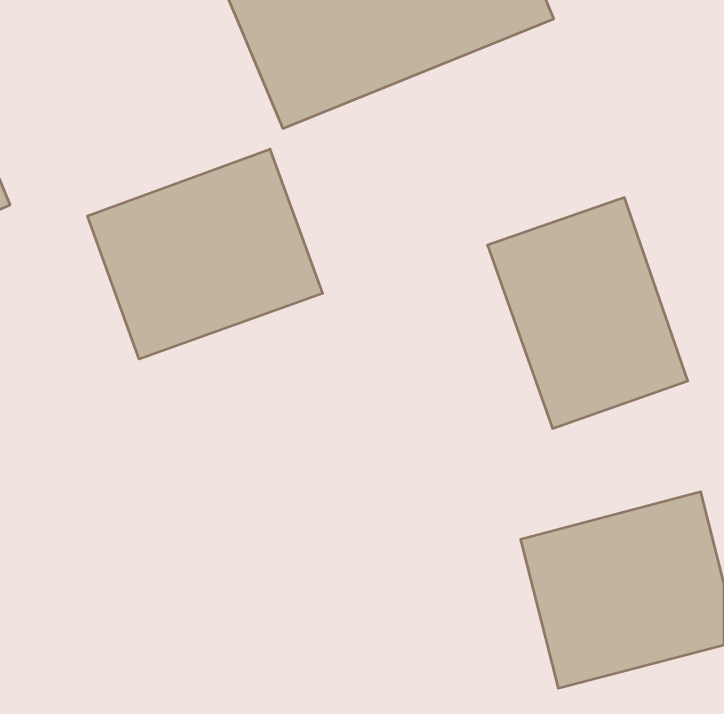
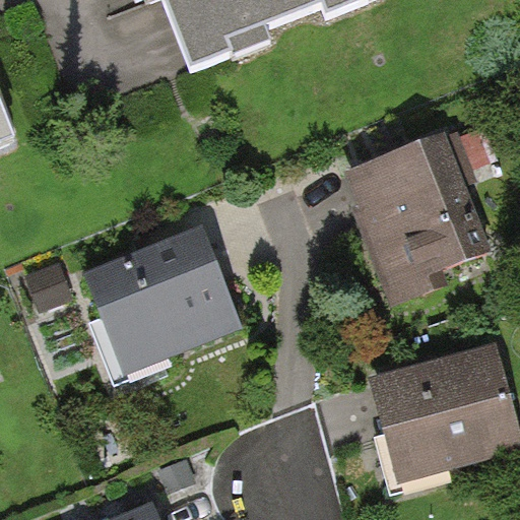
building: [87,149,323,359] -> none
building: none -> [85,236,233,382]

